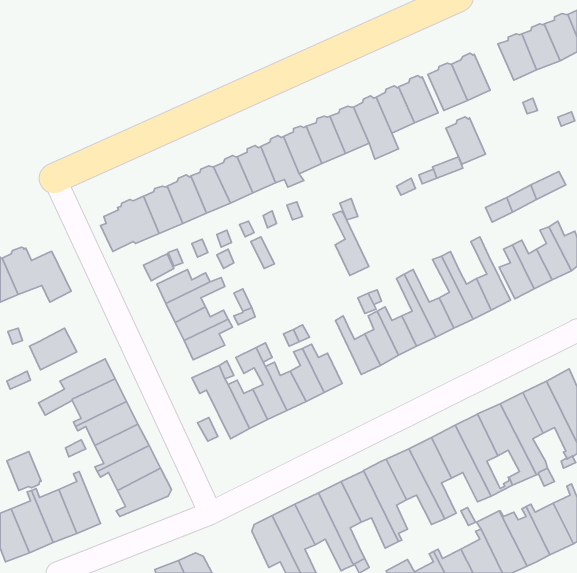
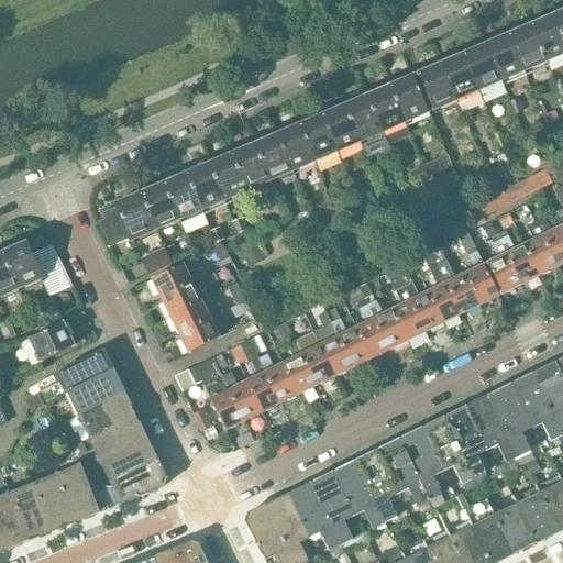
building: [446,117,485,164] -> [462,42,500,88]
building: [333,211,369,275] -> [317,311,352,374]
building: [7,451,41,490] -> none

